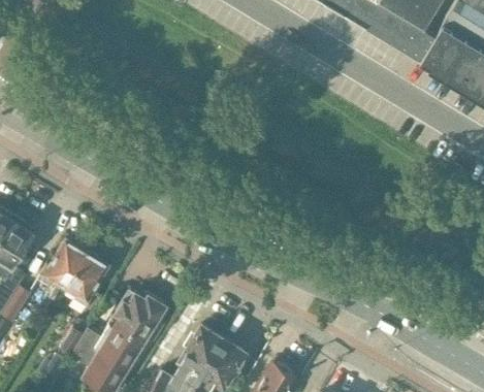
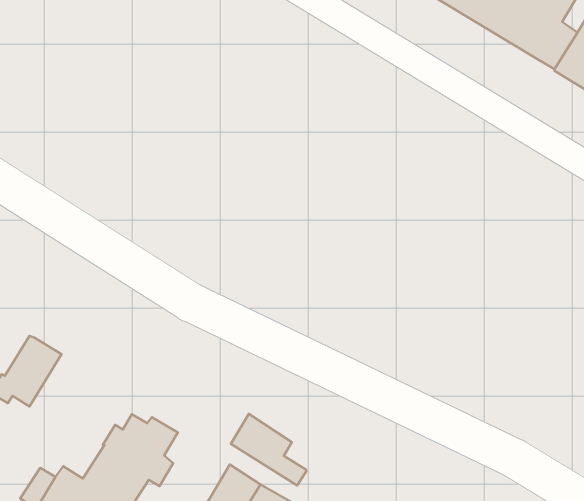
building: [65,253,107,307] -> none
building: none -> [231,414,306,485]

